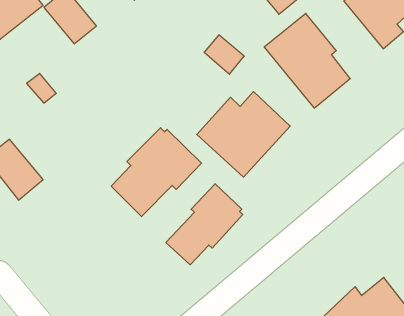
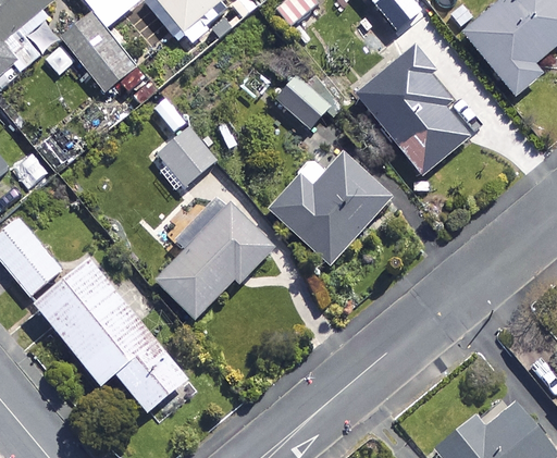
building: none -> [158,126,219,186]
building: none -> [34,260,189,412]
building: [166,184,243,265] -> none

